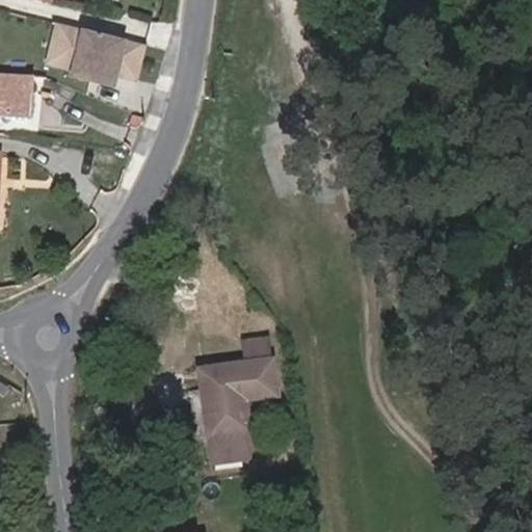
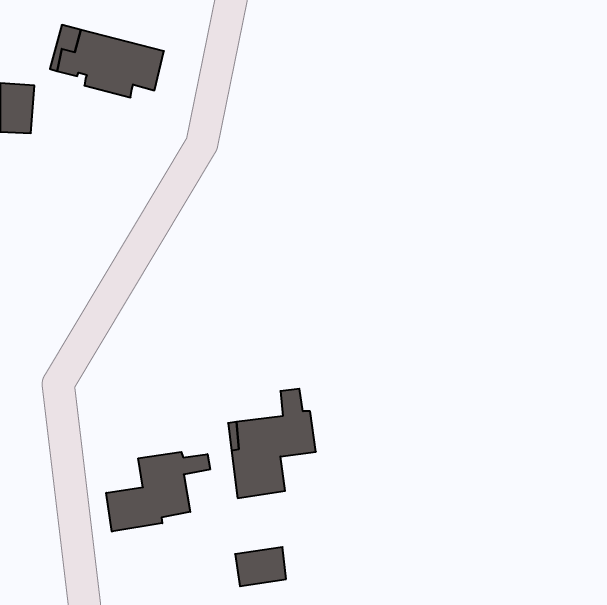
building: none -> [106,452,210,532]
building: [208,429,252,463] -> [235,547,286,586]

